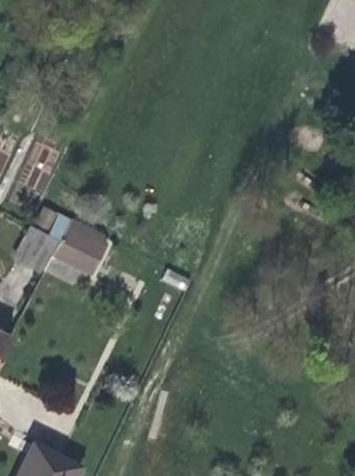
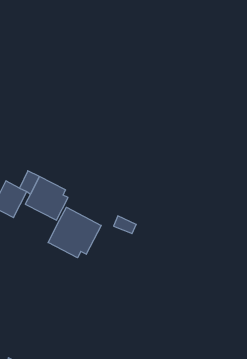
building: none -> [48,207,101,258]

